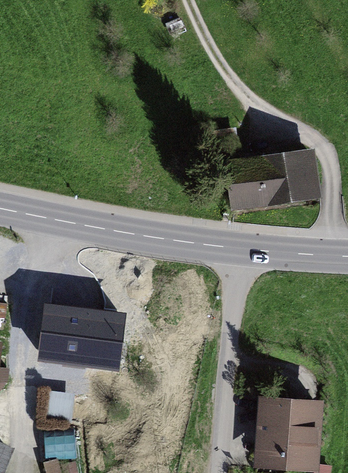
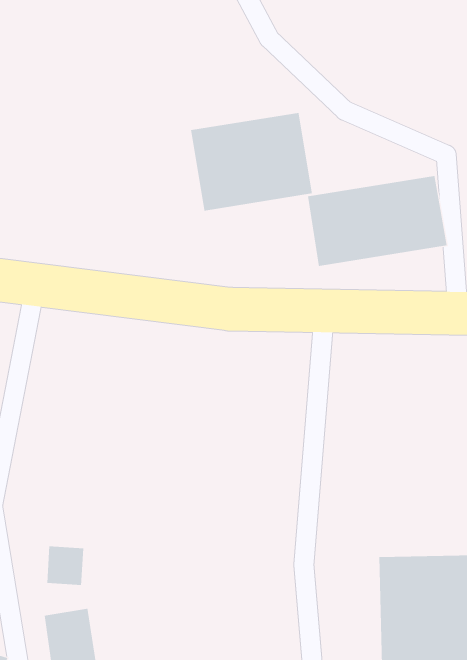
building: none -> [191,112,312,211]
building: [28,300,122,366] -> none

